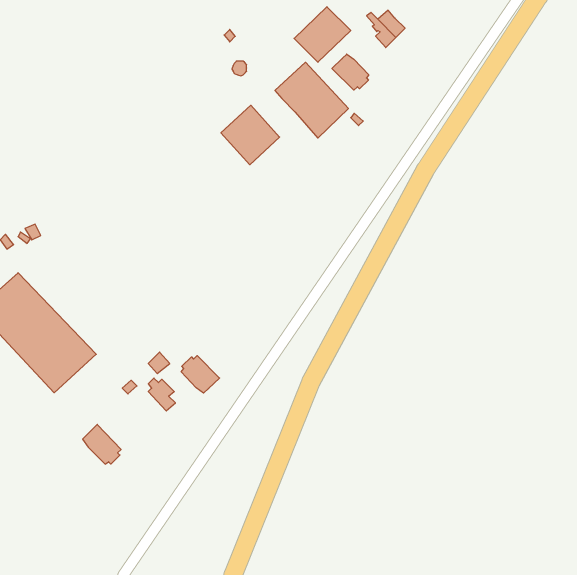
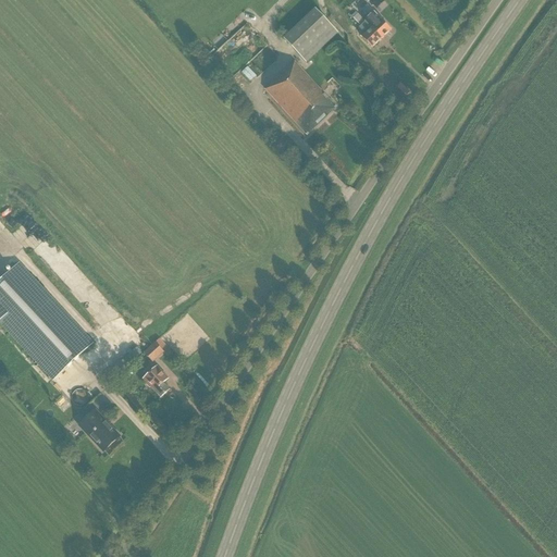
building: [332,54,369,90] -> none
building: [221,105,280,165] -> none
building: [181,356,220,393] -> none

